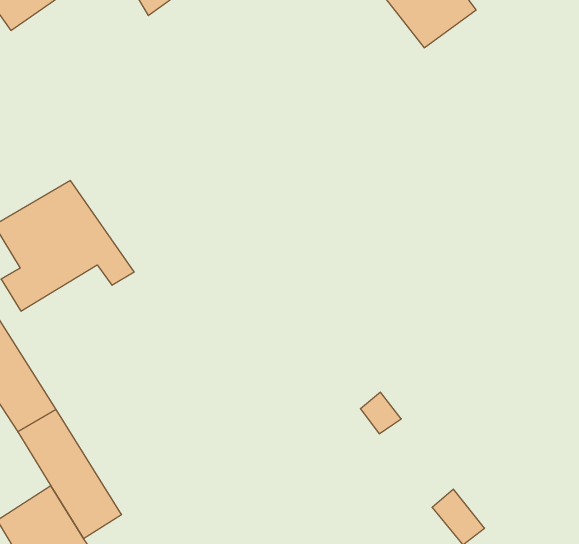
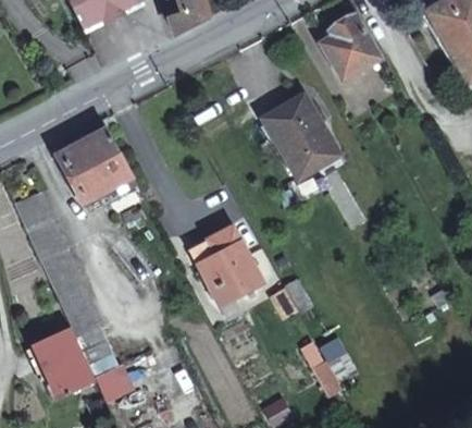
building: none -> [263,93,339,176]
building: none -> [197,225,260,303]

